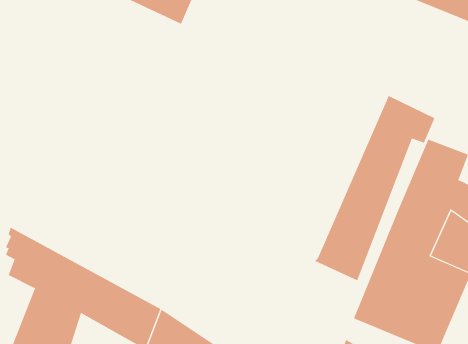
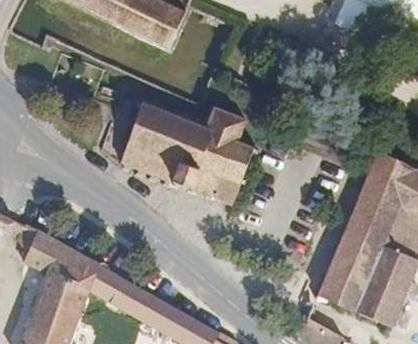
building: none -> [121,95,255,199]
building: [314,95,435,281] -> none

